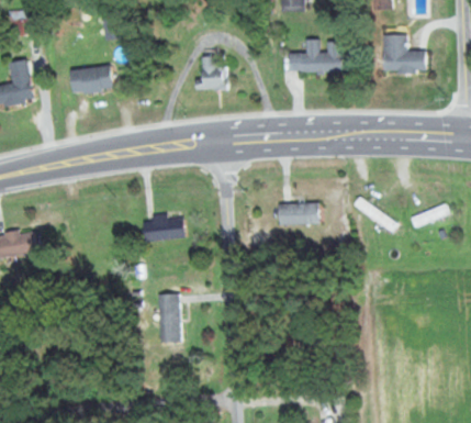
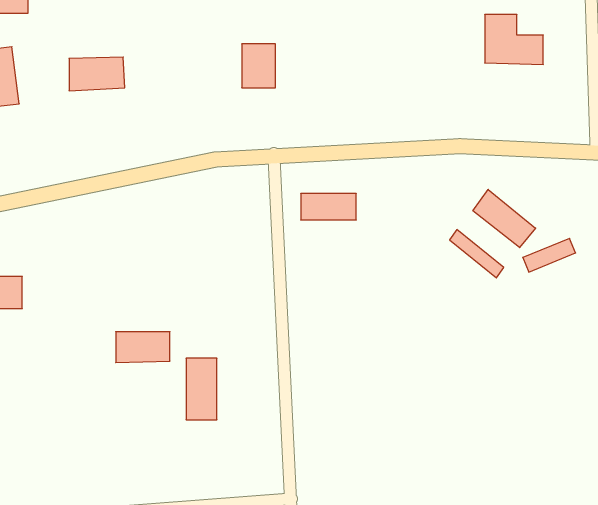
building: [288,42,341,71] -> none
building: none -> [473,189,536,248]
building: [278,204,319,224] -> [301,194,356,220]
building: [143,216,183,240] -> [116,332,170,363]

